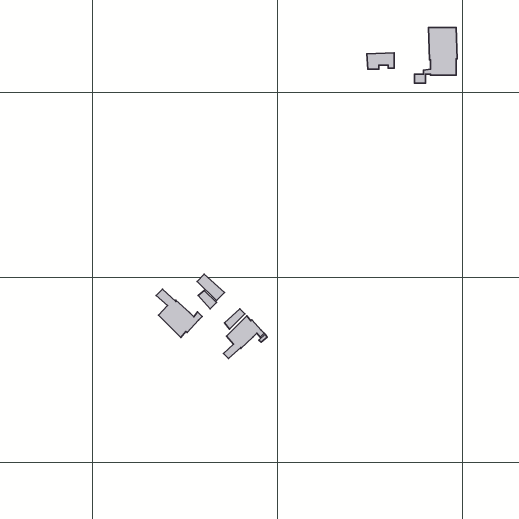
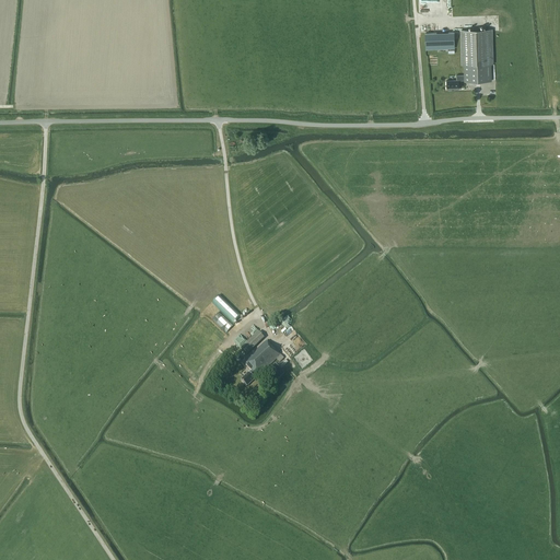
building: [367,53,394,69] -> [424,32,454,49]
building: [156,289,202,338] -> none

